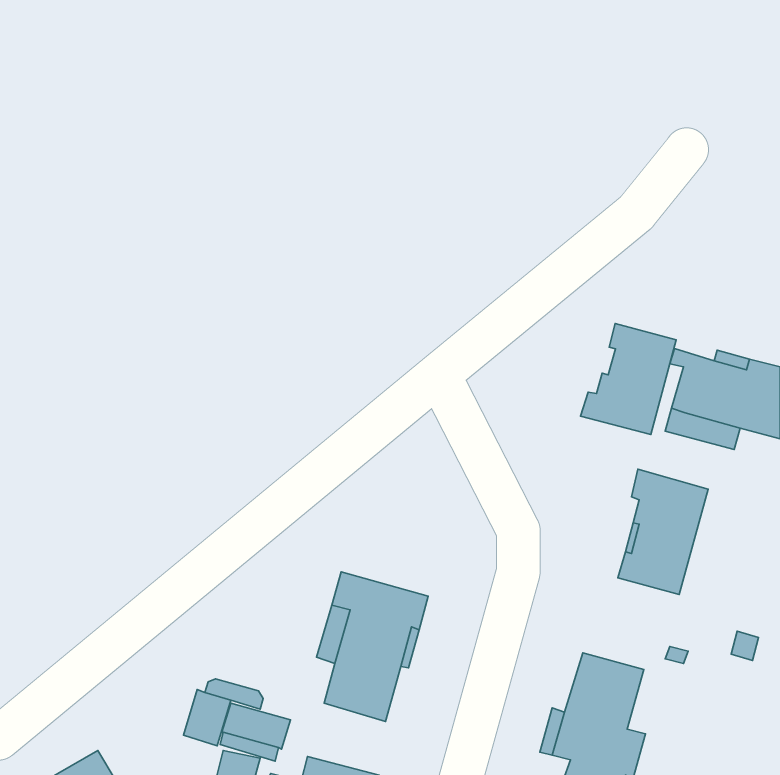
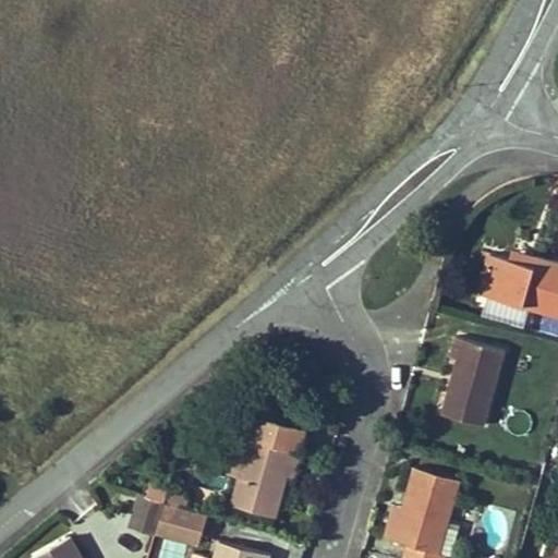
building: [580,324,676,435] -> none

